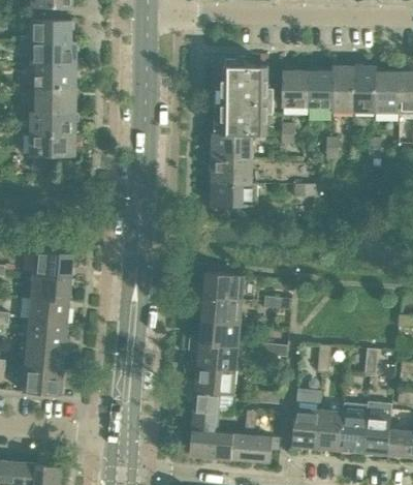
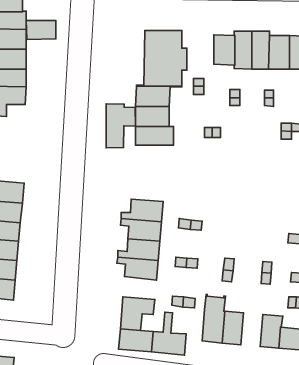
building: none -> [26,20,56,40]
building: [281,70,306,107] -> none
building: none -> [106,104,136,148]
building: [184,367,235,395] -> none
building: [339,403,367,453] -> none

